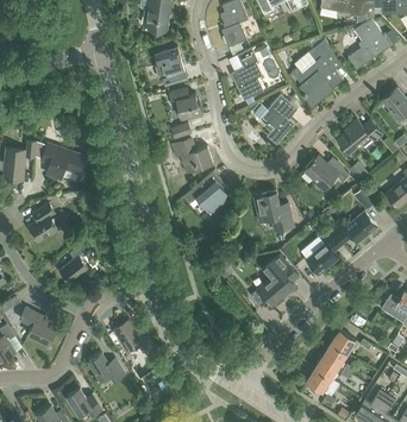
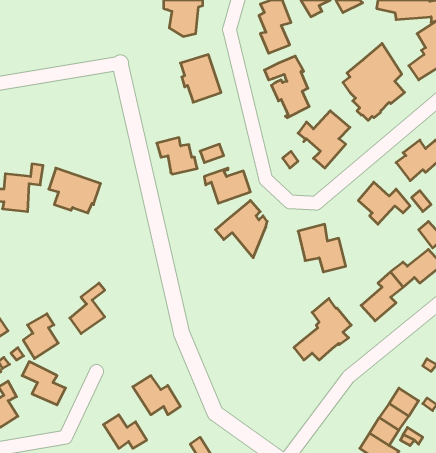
building: [168,88,202,119] -> [157,138,197,174]
building: [29,203,58,241] -> [23,314,58,359]

